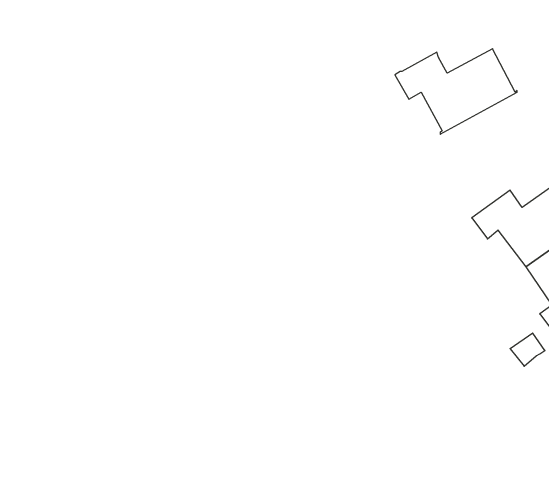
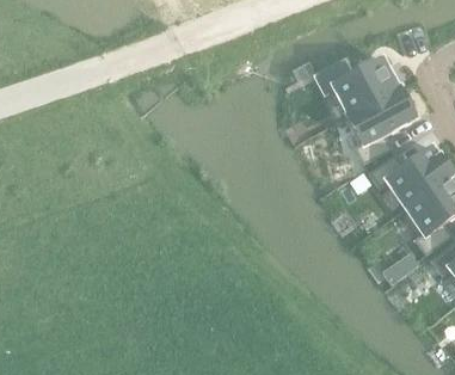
building: none -> [345,84,414,160]

